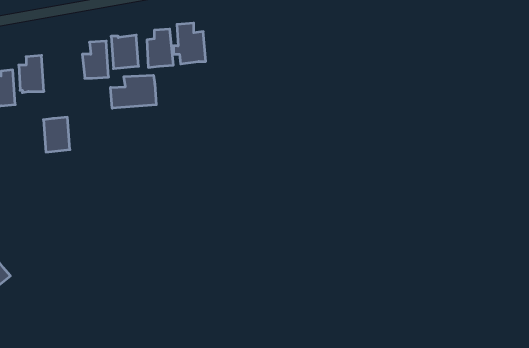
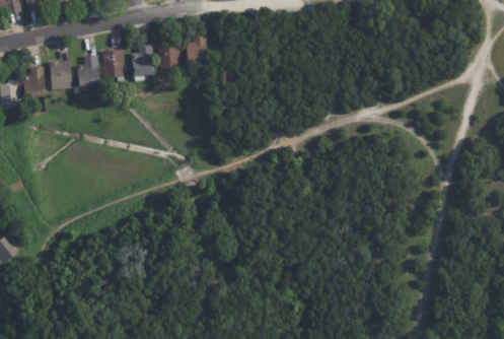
building: none -> [186,31,208,63]
building: [111,75,156,108] -> none
building: [43,117,70,152] -> [50,60,72,89]

